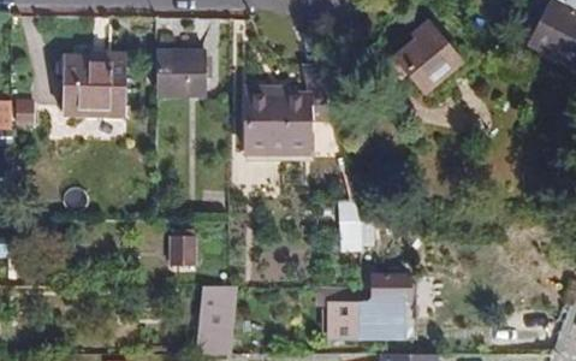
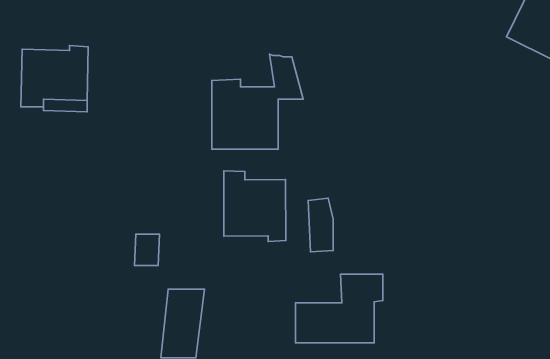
building: [394,20,462,93] -> none
building: [156,51,206,96] -> none
building: none -> [224,171,286,242]

